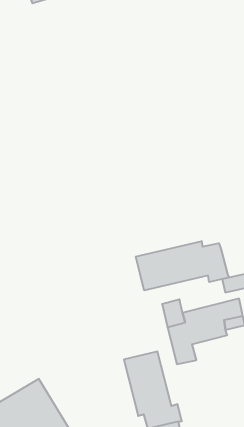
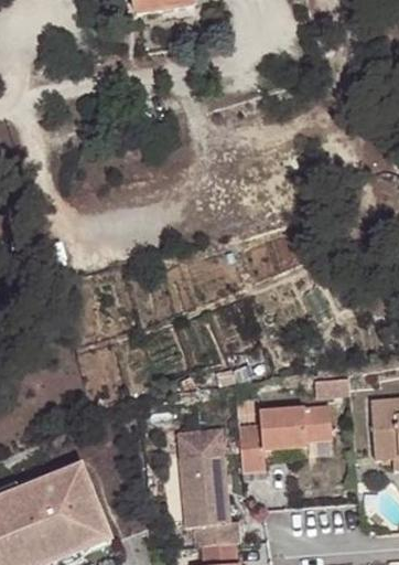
building: [136,241,229,290] -> none
building: none -> [177,427,223,456]

